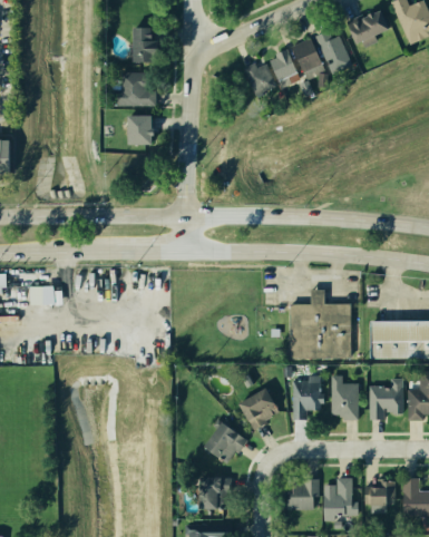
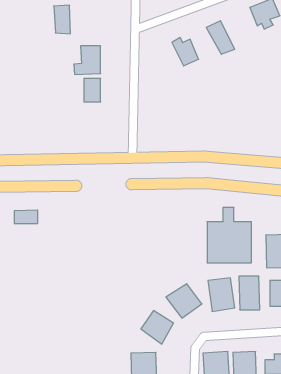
building: [128,23,150,61] -> [54,5,70,34]
building: [314,29,355,69] -> none
building: [271,48,310,96] -> none

